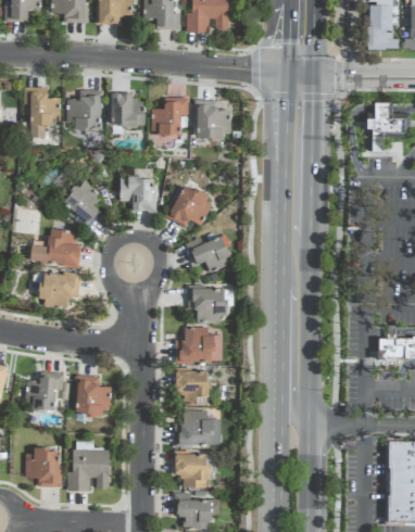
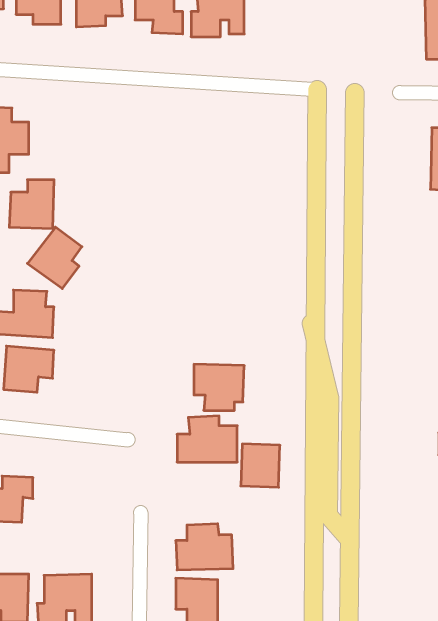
building: [66,89,101,127] -> [9,180,54,229]
building: [112,92,146,124] -> none
building: [151,99,187,134] -> none
building: [197,99,231,138] -> none
building: [121,176,154,210] -> none
building: [168,185,214,226] -> none
building: [186,235,234,271] -> none
building: [178,369,209,403] -> [241,444,280,487]
building: [75,375,111,414] -> none

